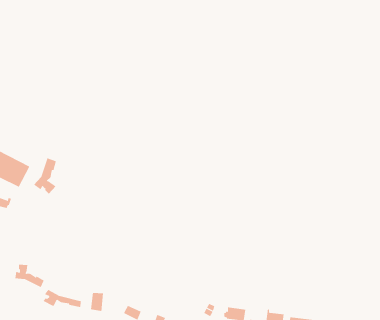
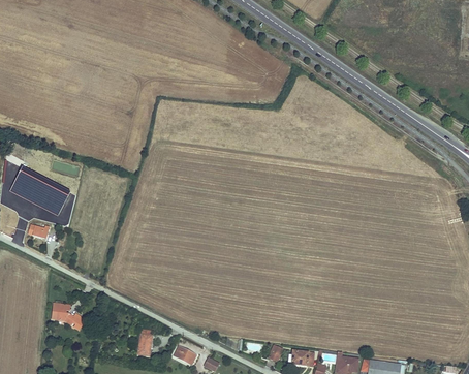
building: [33,157,57,194] -> none
building: [42,289,81,308] -> none

